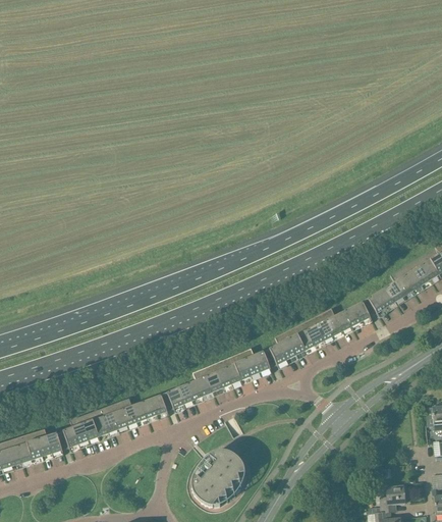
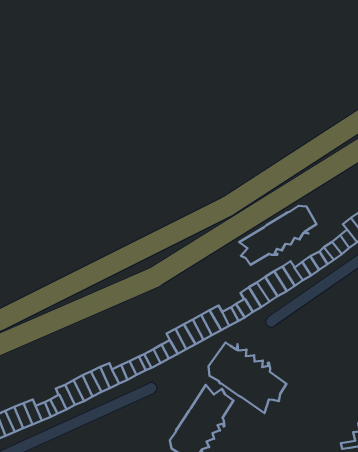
building: none -> [239,206,317,265]
building: none -> [209,342,287,413]

